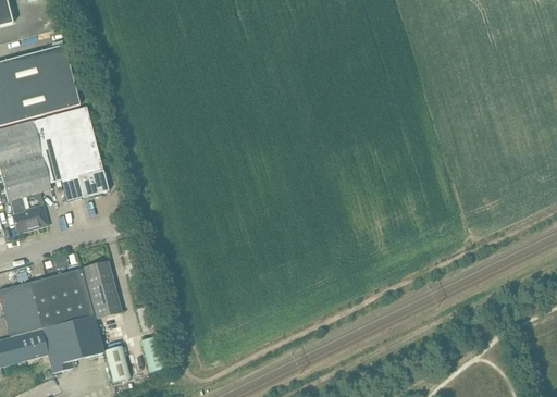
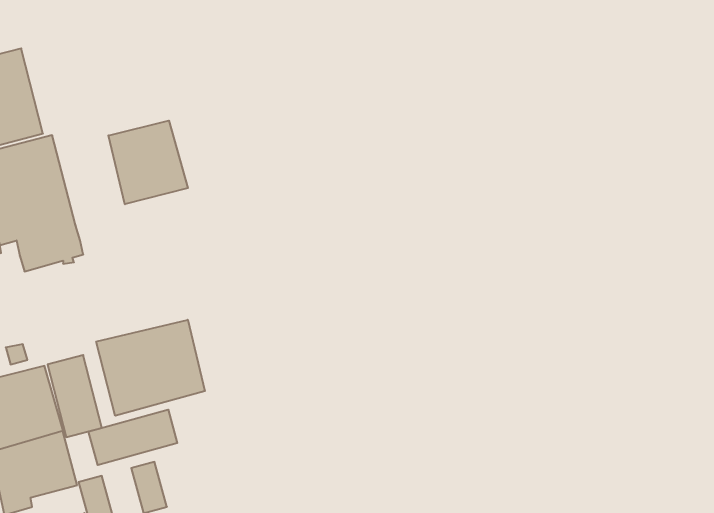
building: none -> [108,121,188,204]
building: none -> [96,320,205,416]
building: none -> [89,410,177,465]

